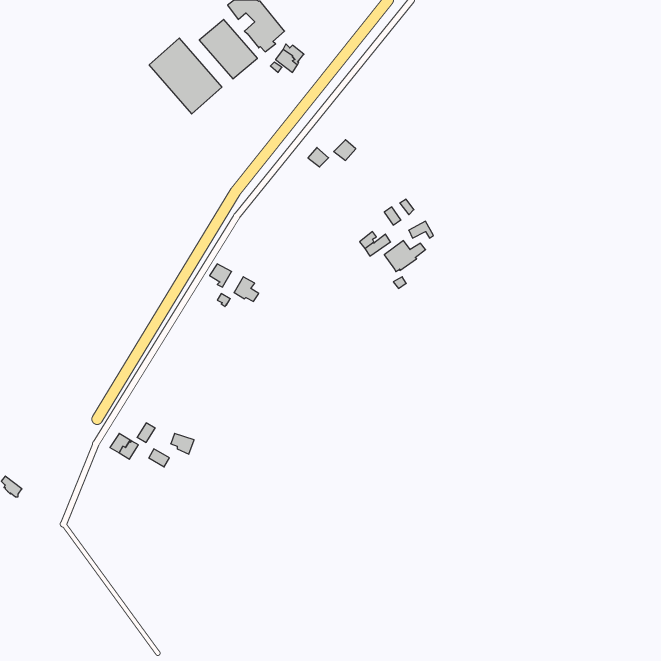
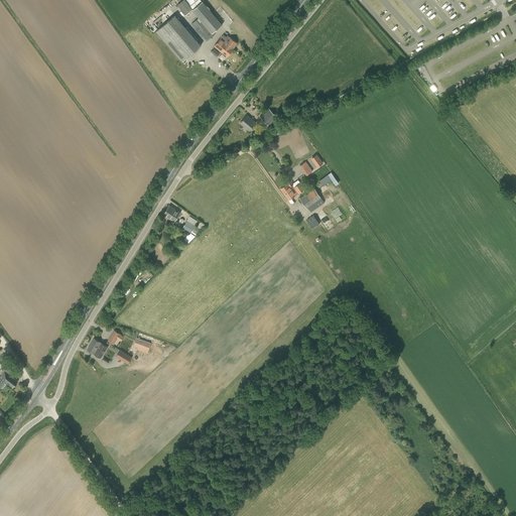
building: [149,38,222,114] -> none

